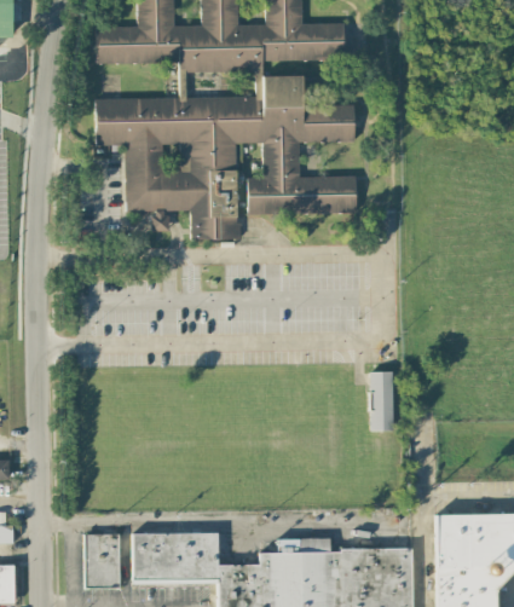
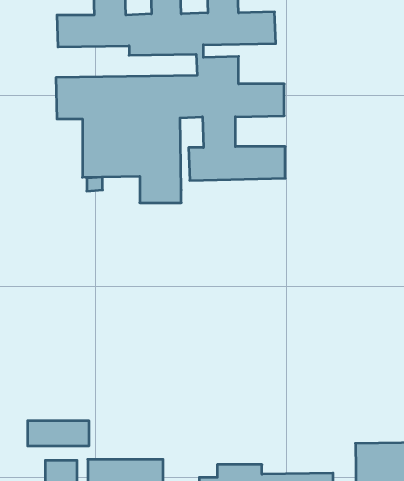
building: [370,372,393,432] -> none
building: none -> [28,421,89,446]

